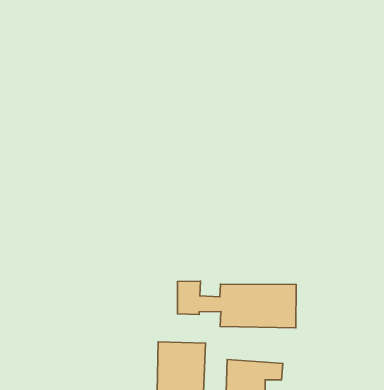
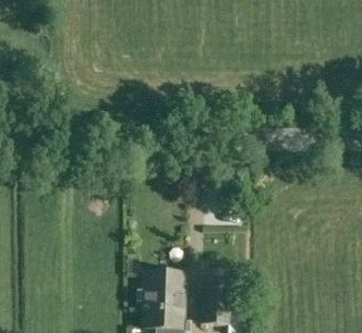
building: [177,281,296,328] -> none

